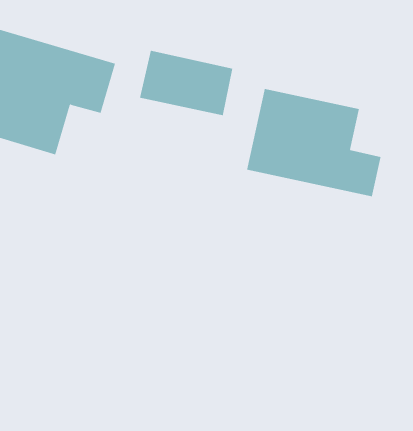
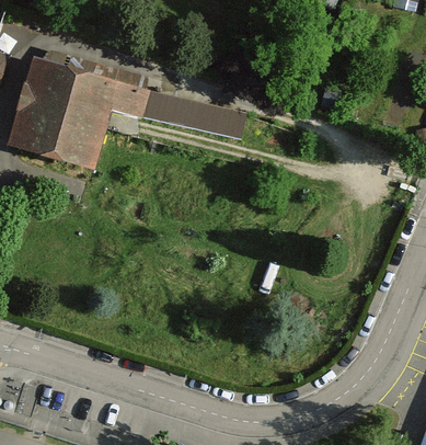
building: [247,88,381,197] -> none

